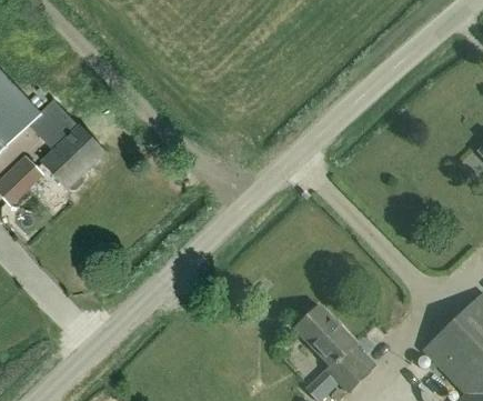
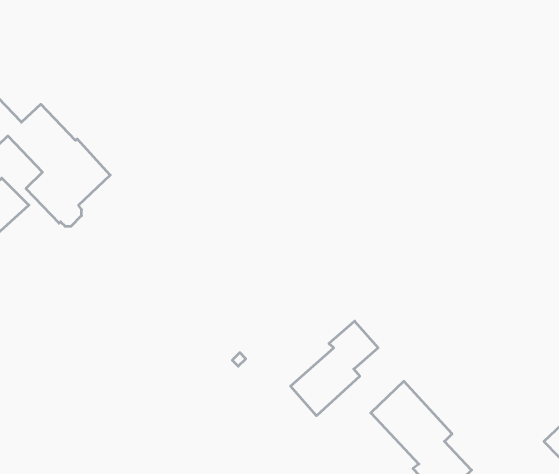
building: none -> [291,321,378,416]

